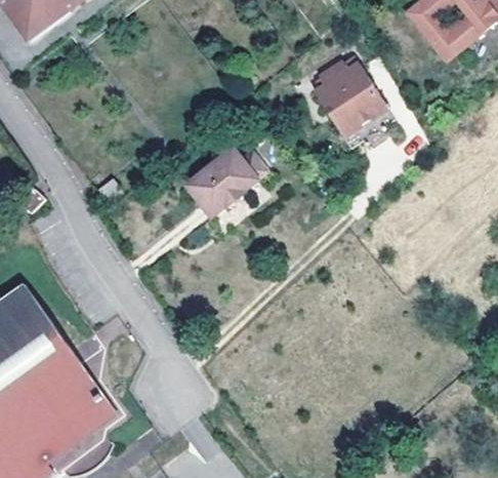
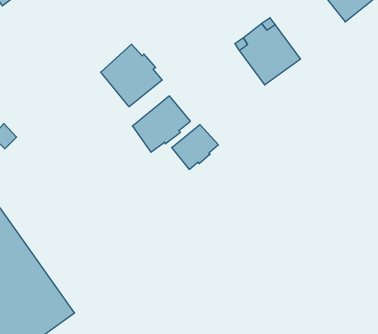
building: none -> [101,44,162,107]
building: none -> [172,125,218,169]

